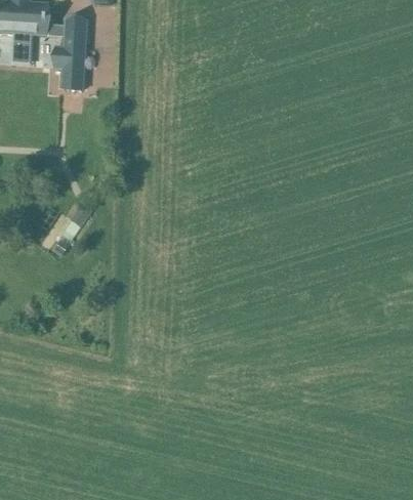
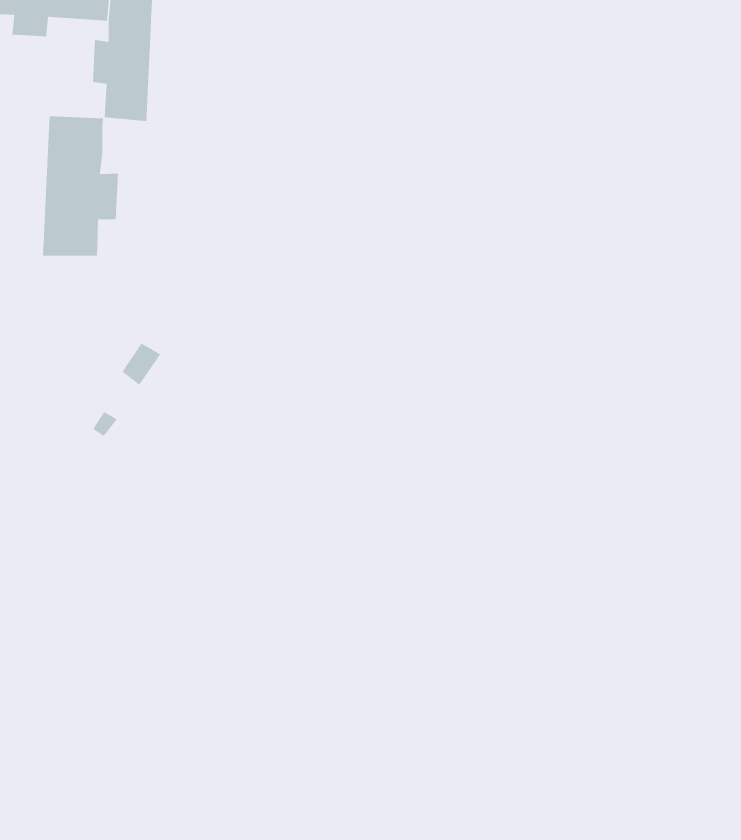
building: none -> [42,115,119,257]

